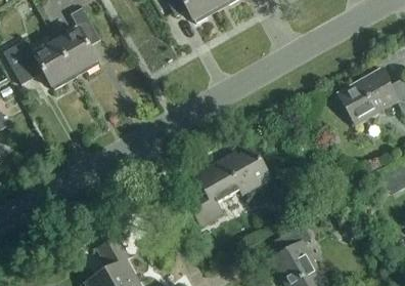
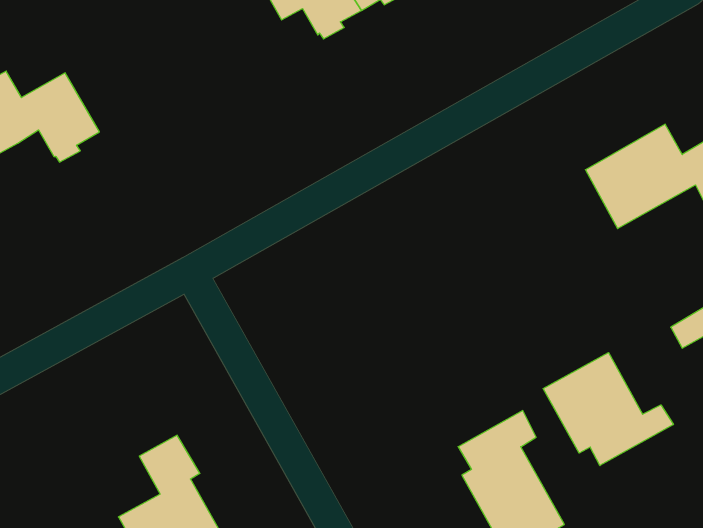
building: [57,6,100,72] -> none
building: [185,146,271,223] -> none
building: none -> [543,353,673,466]

